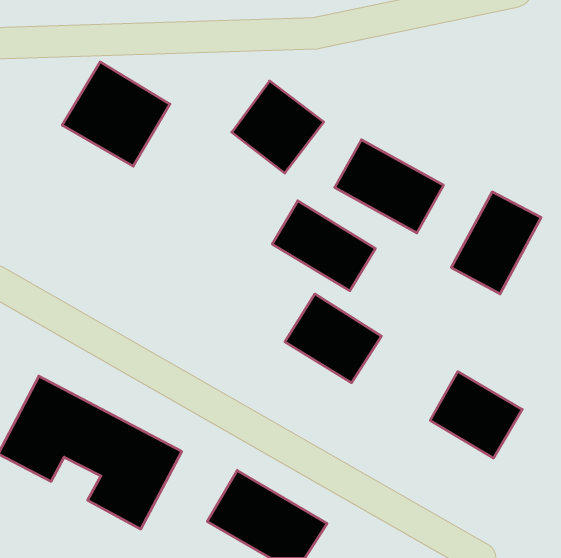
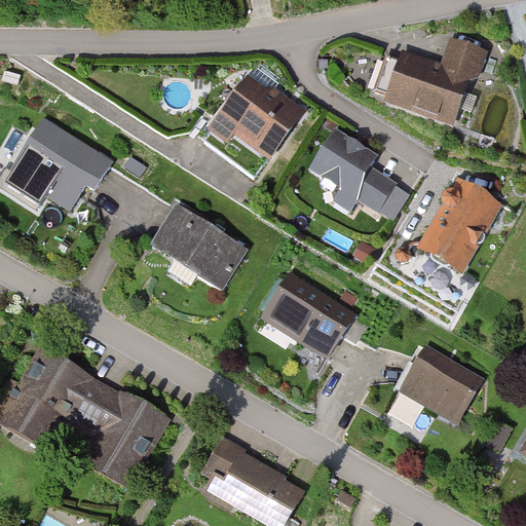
building: none -> [384,38,482,124]
building: [62,62,170,166] -> [6,119,106,216]
building: [272,201,375,291] -> [150,203,246,287]

